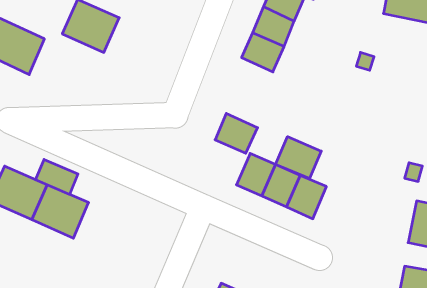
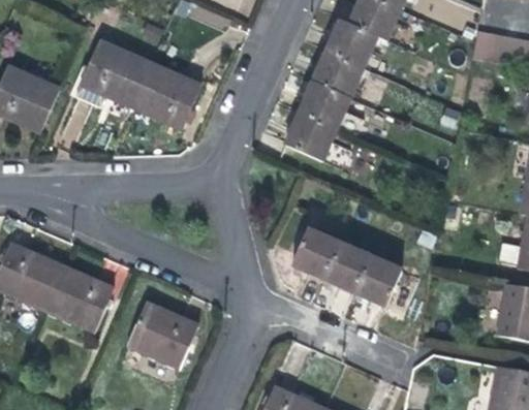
building: none -> [132,62,200,127]
building: [215,113,258,153] -> [286,111,338,159]
building: [276,137,321,179] -> none
building: [36,159,78,194] -> none
building: none -> [128,303,197,368]

